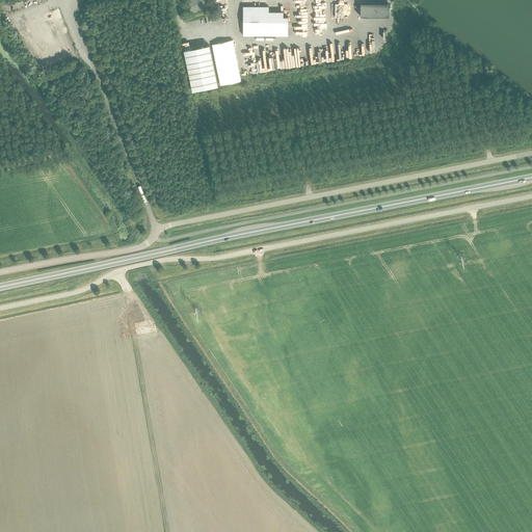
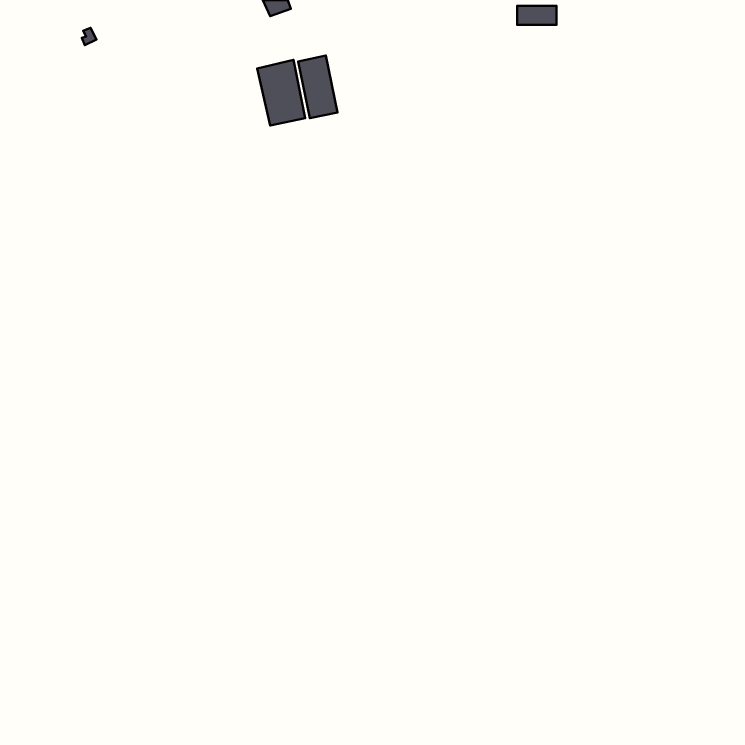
building: [242,6,288,36] -> none

